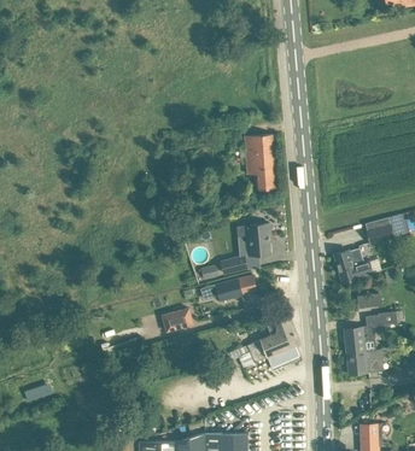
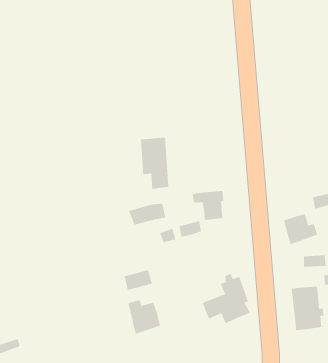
building: [244,134,275,191] -> [140,137,169,189]
building: [215,276,256,300] -> [128,203,166,225]
building: none -> [128,299,161,334]

